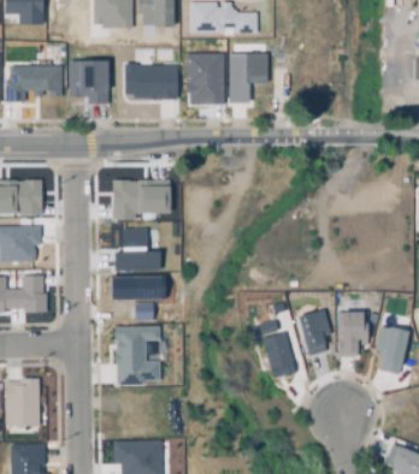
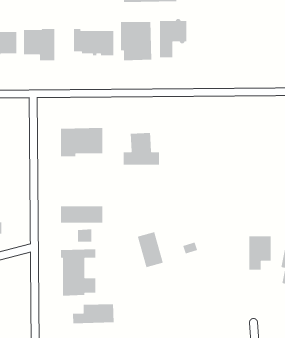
building: [113,230,158,269] -> [123,132,160,165]
building: [299,310,330,354] -> none
building: [262,332,295,377] -> [137,231,164,268]
building: none -> [72,303,114,324]

